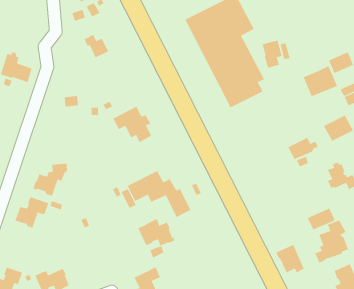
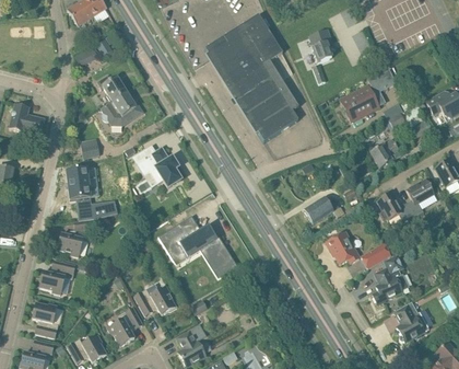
building: [262,40,283,69] -> [310,30,334,62]
building: none -> [101,92,143,126]
building: none -> [66,169,117,219]
building: [287,137,318,160] -> [305,197,339,223]
building: [138,218,175,246] -> [134,284,177,315]
building: none -> [32,302,58,337]
building: [275,244,304,273] -> [326,231,360,264]
building: none -> [107,308,143,346]

